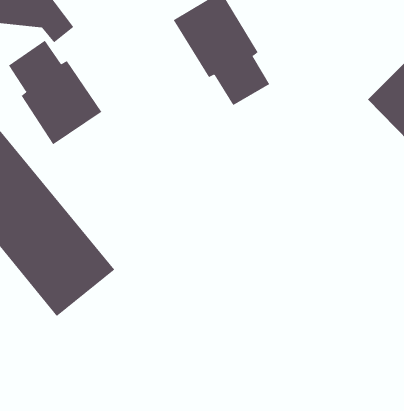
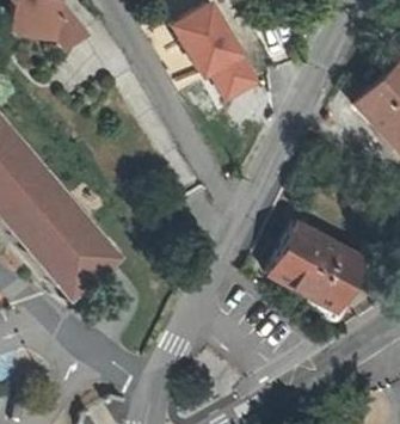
building: [8,40,102,145] -> none
building: none -> [276,223,364,306]

